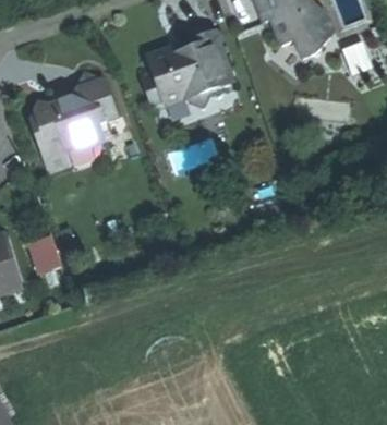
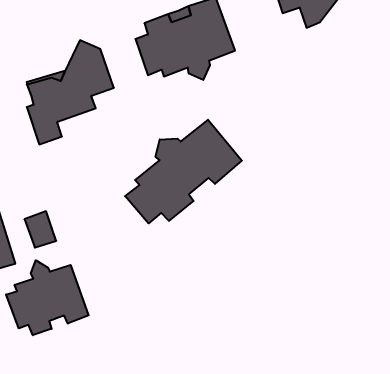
building: none -> [125,120,242,223]
building: none -> [6,260,89,335]

